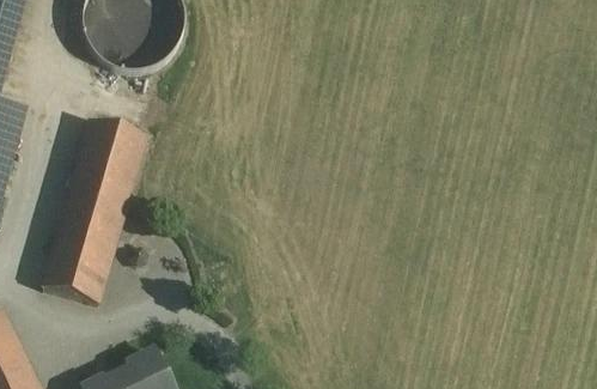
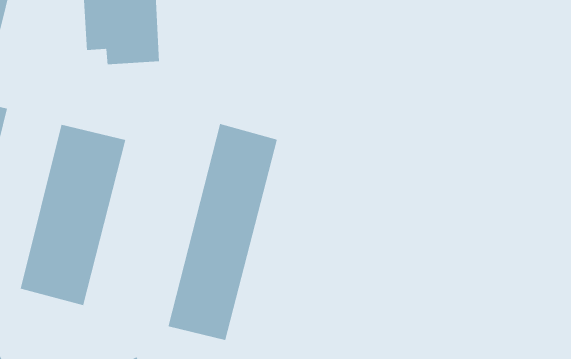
building: none -> [168,123,278,341]

